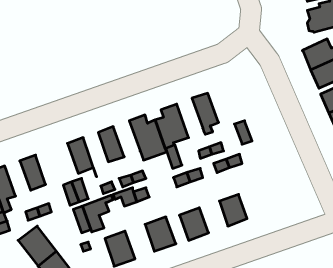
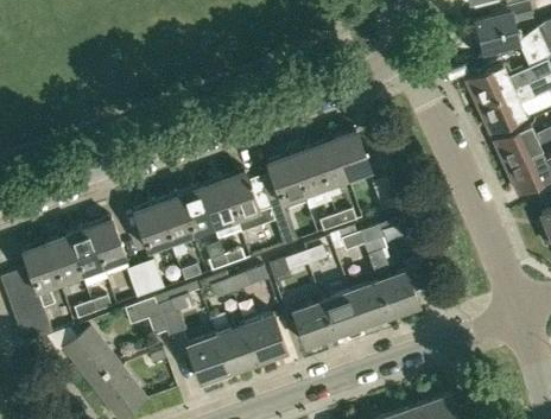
building: none -> [332,131,370,180]
building: none -> [289,146,325,202]
building: none -> [198,178,236,237]
building: none -> [156,195,191,258]
building: none -> [88,218,125,268]
building: none -> [44,235,81,285]
building: none -> [367,249,424,317]
building: none -> [321,292,361,337]
building: none -> [215,325,256,374]

